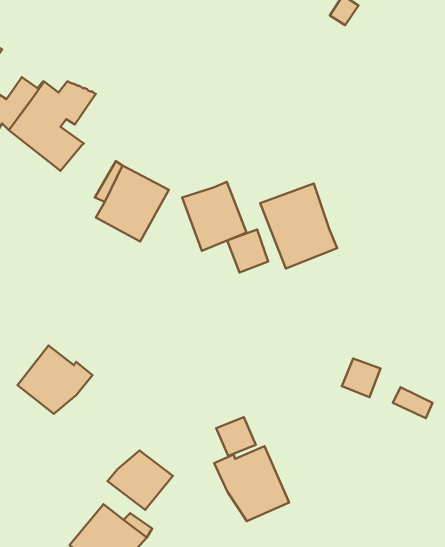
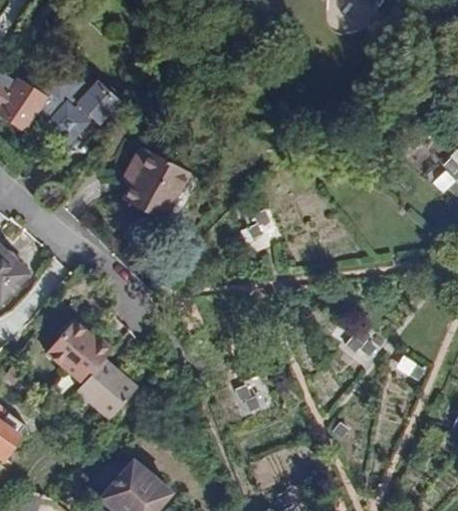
building: [182,182,247,251] -> none
building: [260,183,337,268] -> none
building: [214,446,289,521] -> none
building: [108,450,173,510] -> [75,362,135,417]

